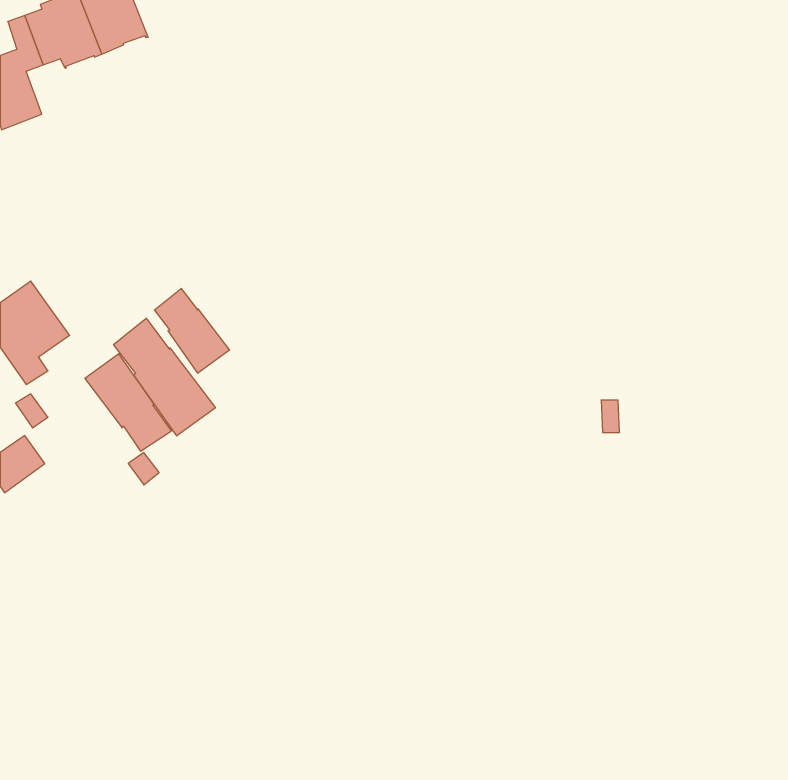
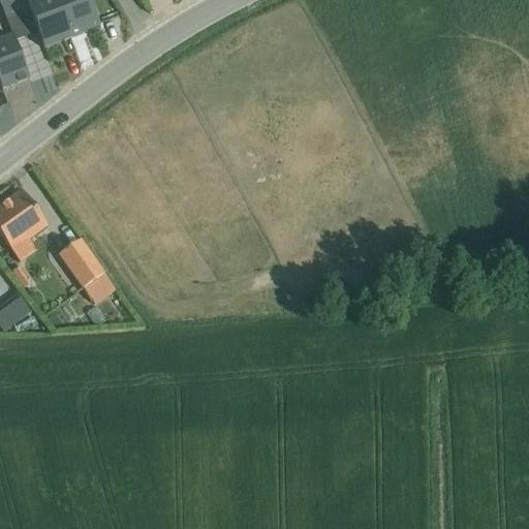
building: [154,288,230,373] -> none
building: [114,318,215,436] -> none

